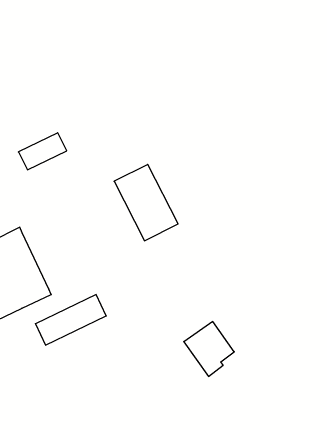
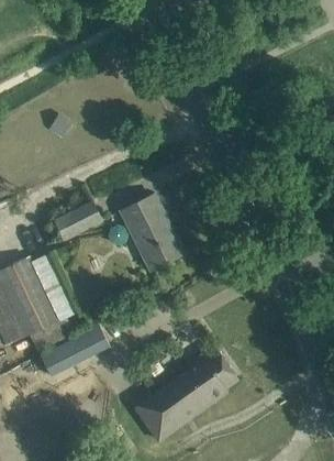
building: [18,133,67,170] -> [54,204,101,240]
building: none -> [134,370,212,442]

